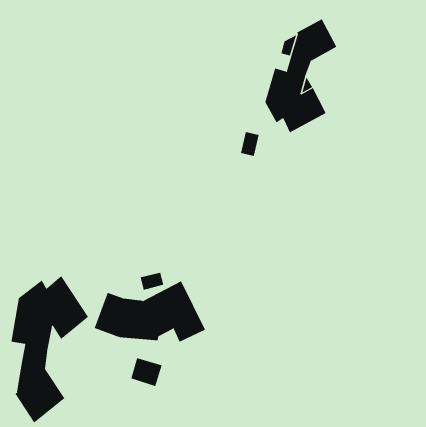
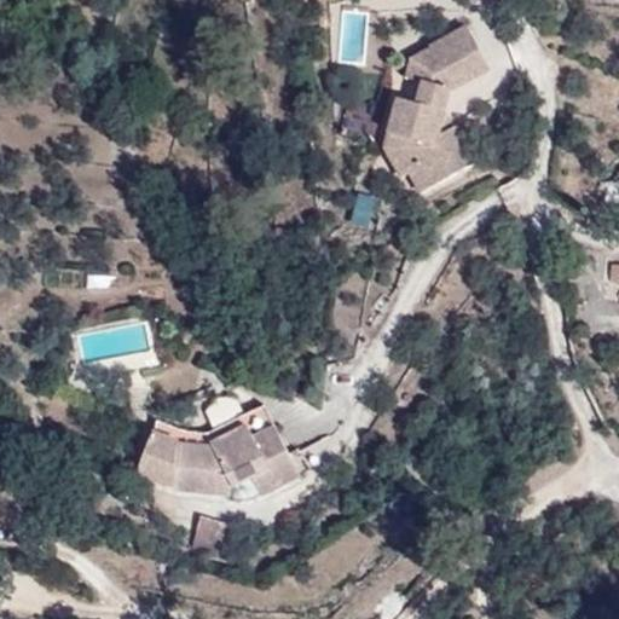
building: [11,275,89,424] -> none

